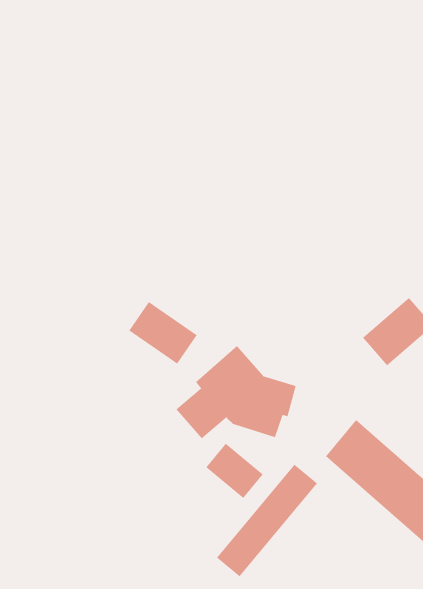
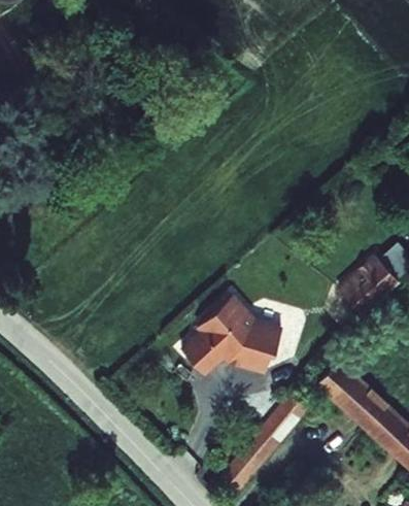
building: [128,301,198,364] -> none
building: [205,443,264,499] -> none

